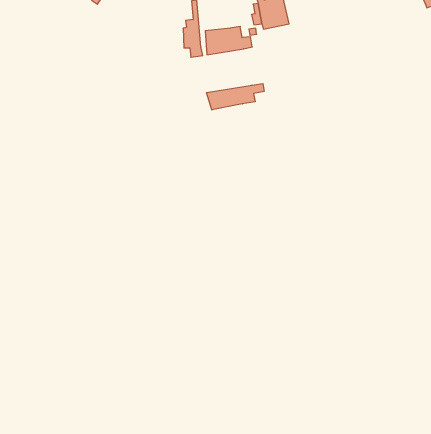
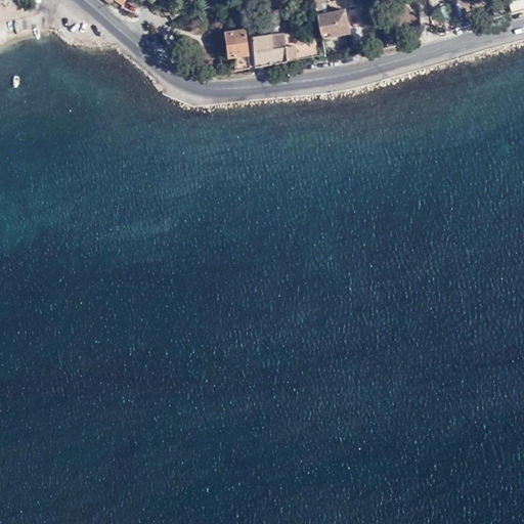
building: [206,84,264,110] -> none

